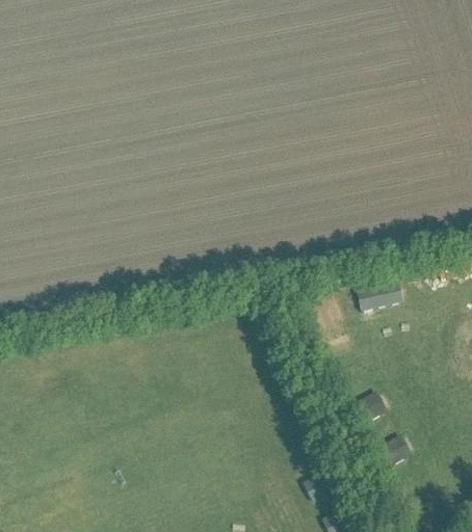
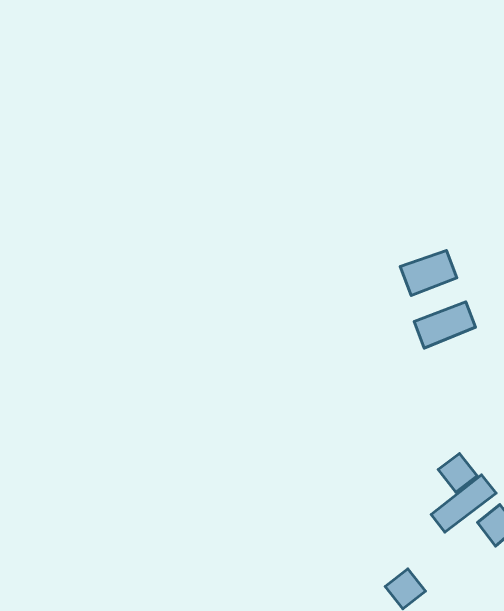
building: none -> [400,251,457,295]
building: none -> [431,475,496,532]

